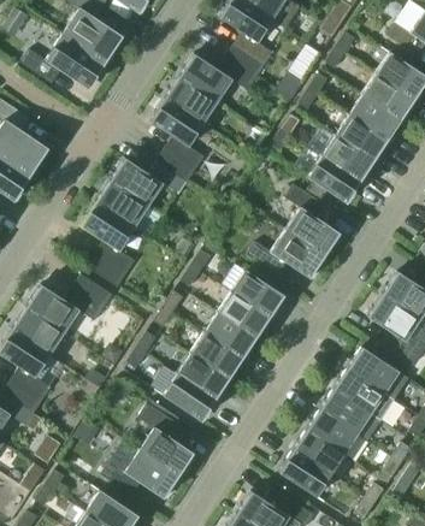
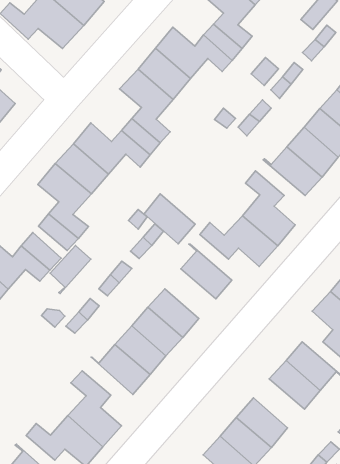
building: none -> [50,246,91,293]
building: [219,290,271,337] -> [144,194,195,244]
building: [320,388,372,433] -> none

